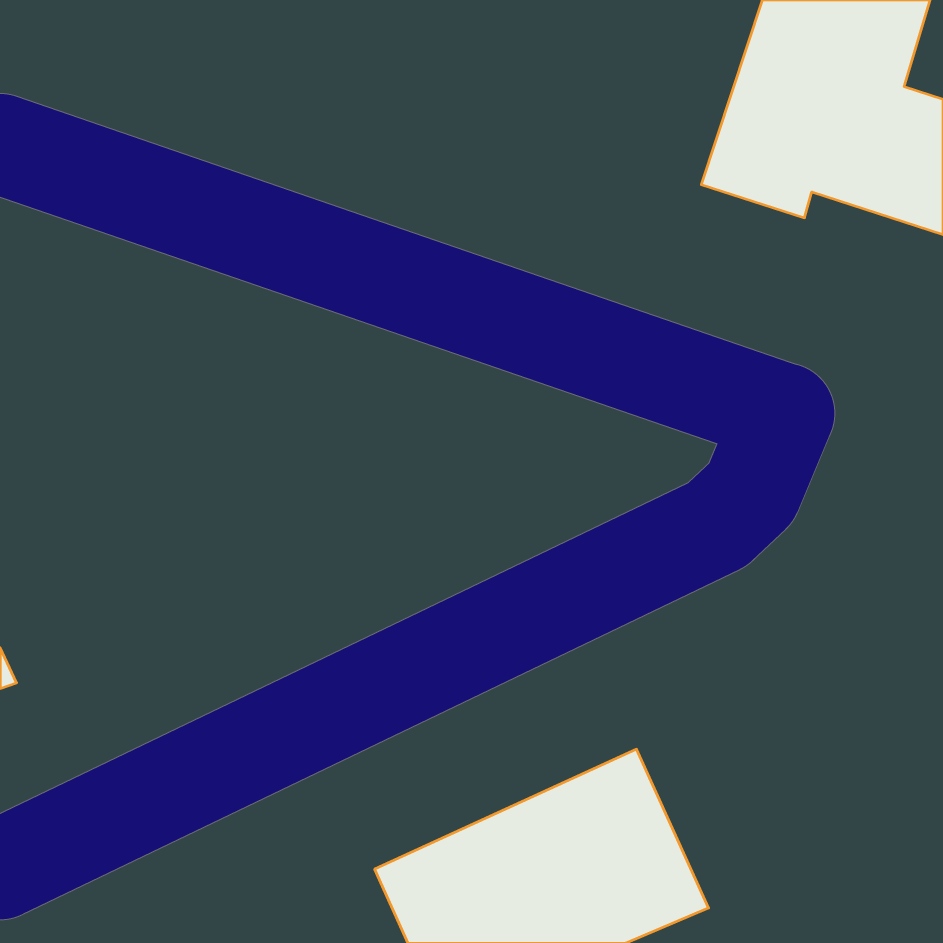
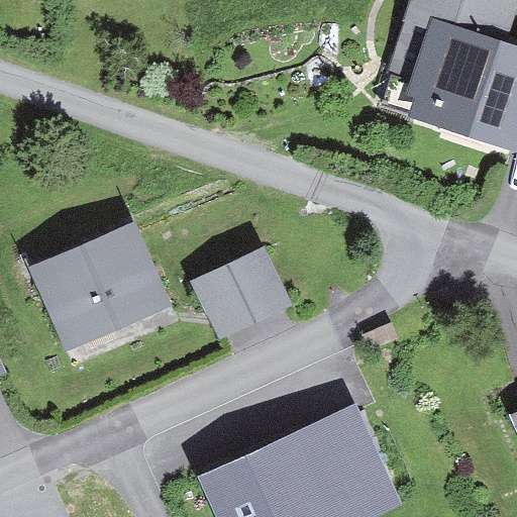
building: none -> [29,220,175,352]
building: none -> [193,247,292,338]

